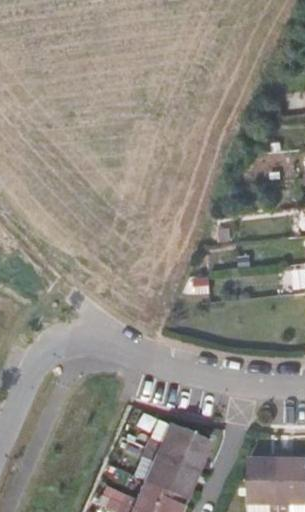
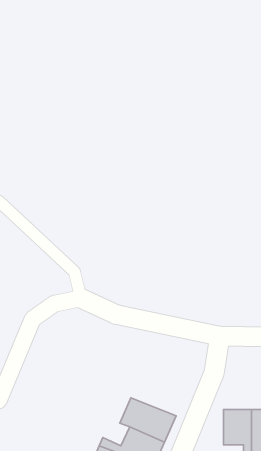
building: [145,417,206,465] -> none

